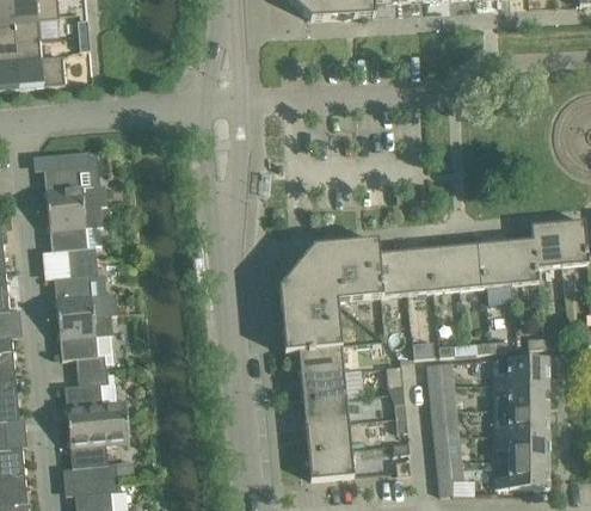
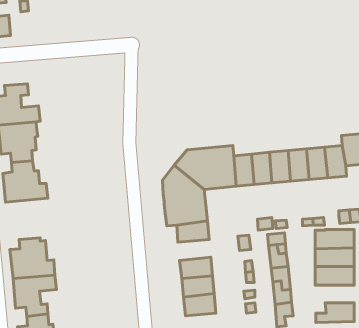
building: [57,312,117,370] -> none
building: [300,370,346,400] -> none
building: [493,435,548,460] -> none

